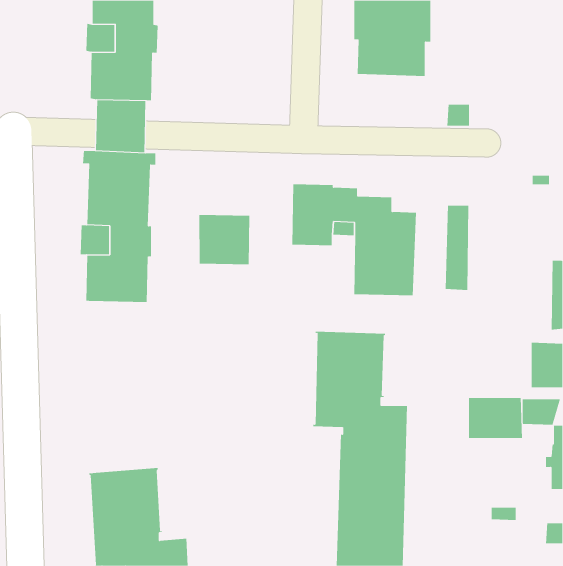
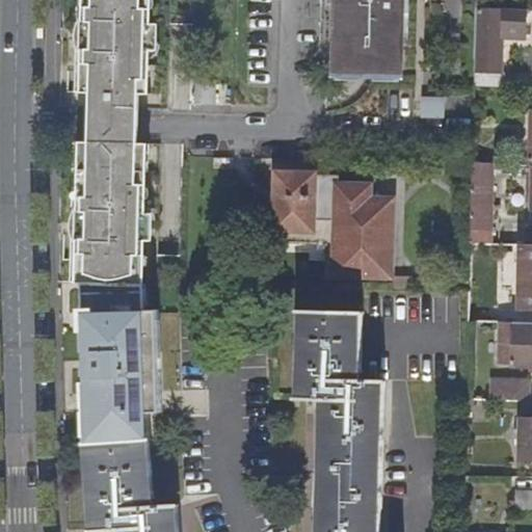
building: none -> [472,8,523,87]
building: [445,205,469,290] -> [468,164,490,244]
building: [199,214,250,265] -> none
building: none -> [79,283,159,444]
building: [468,397,522,439] -> none

